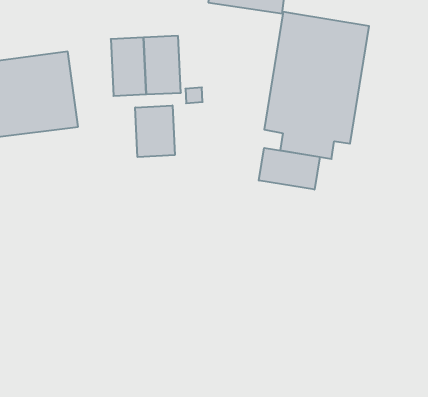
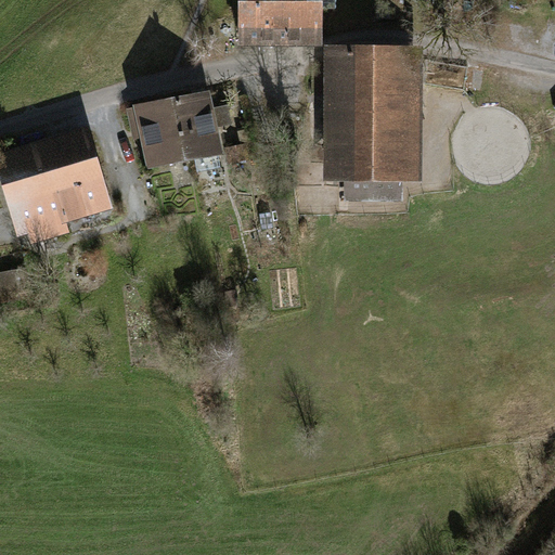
building: [135,105,175,157] -> none
building: [259,148,320,190] -> none

